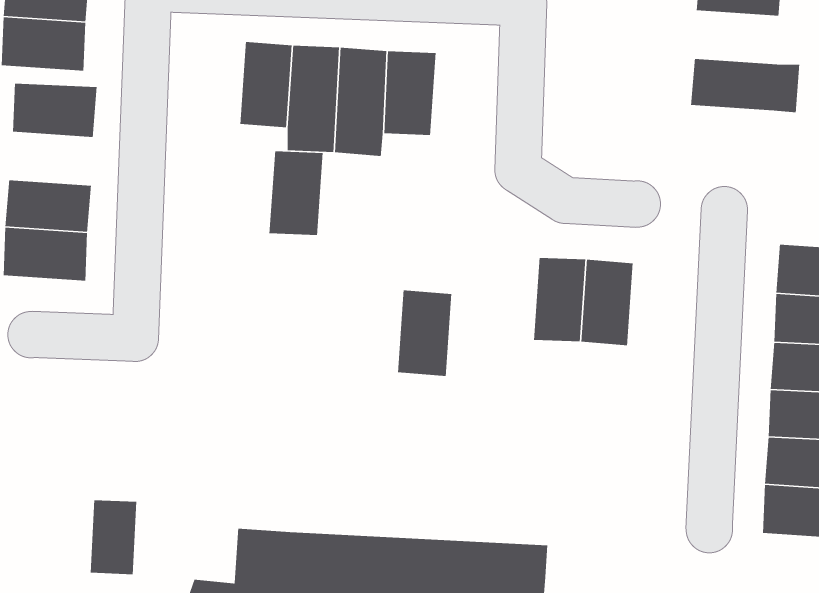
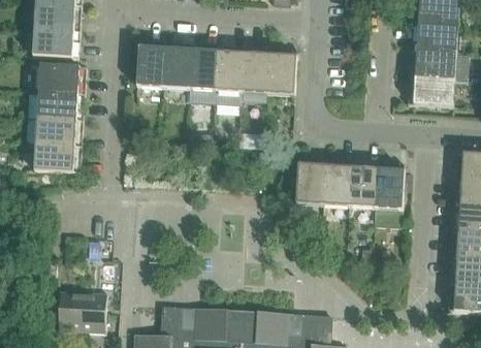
building: none -> [410,26,456,55]
building: none -> [266,49,296,96]
building: none -> [407,77,453,107]
building: none -> [36,92,83,121]
building: [269,151,324,236] -> [135,41,165,88]
building: none -> [374,163,404,210]
building: [397,290,452,377] -> [295,158,325,205]
building: none -> [57,291,83,333]

